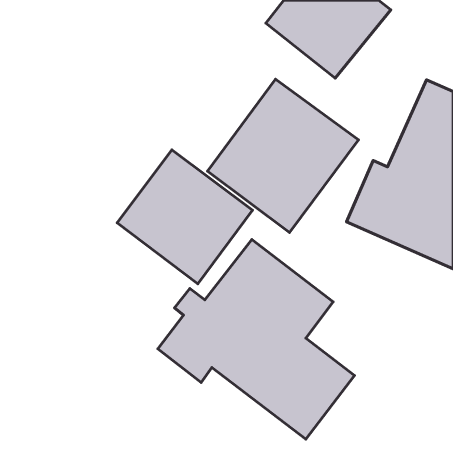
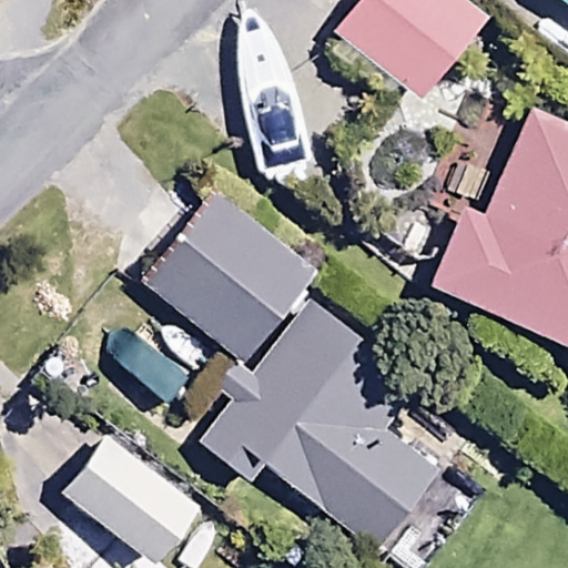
building: [208,79,358,232] -> none
building: none -> [64,434,203,562]

